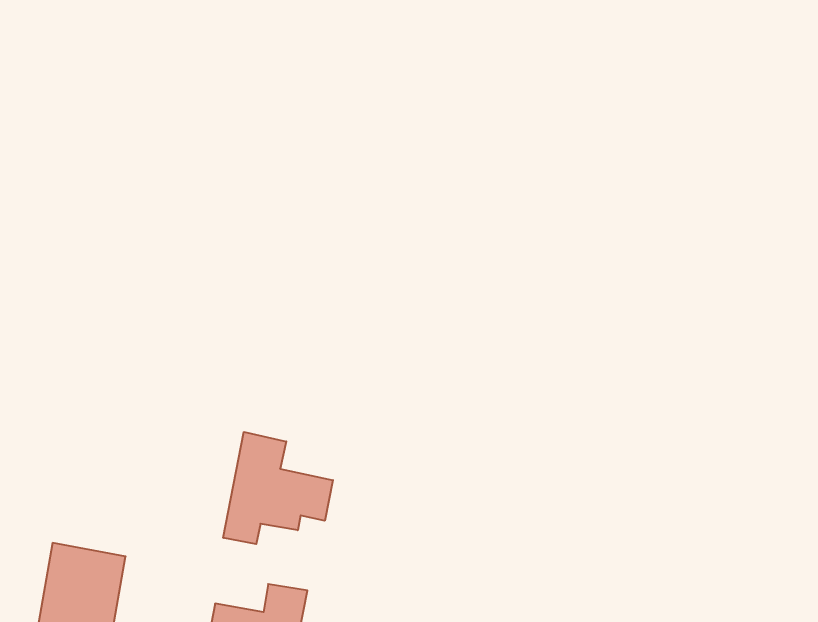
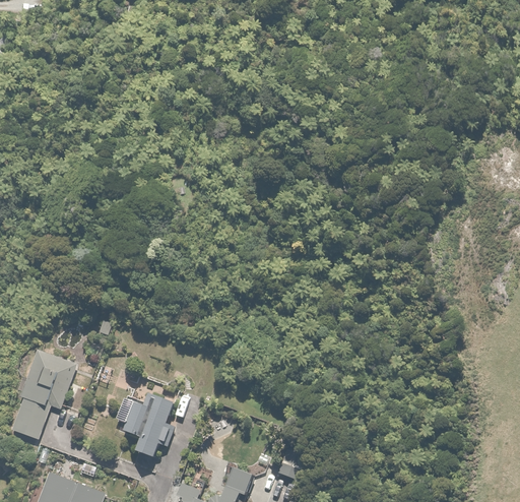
building: [223,432,333,544] -> none

